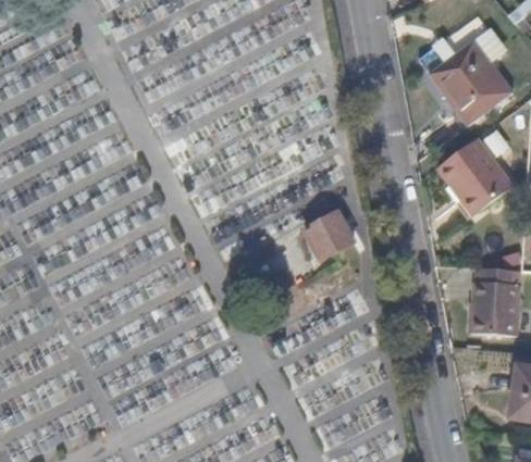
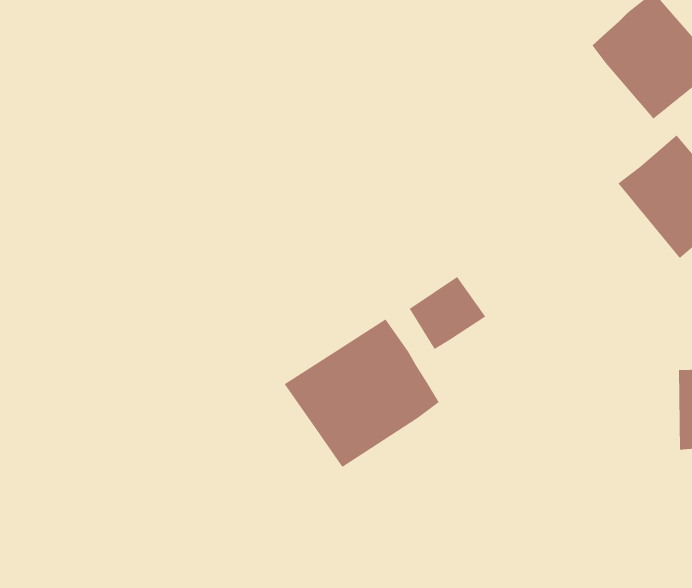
building: none -> [284,318,440,467]

